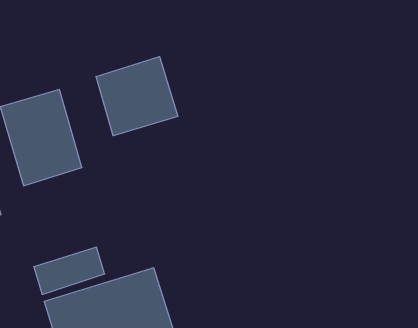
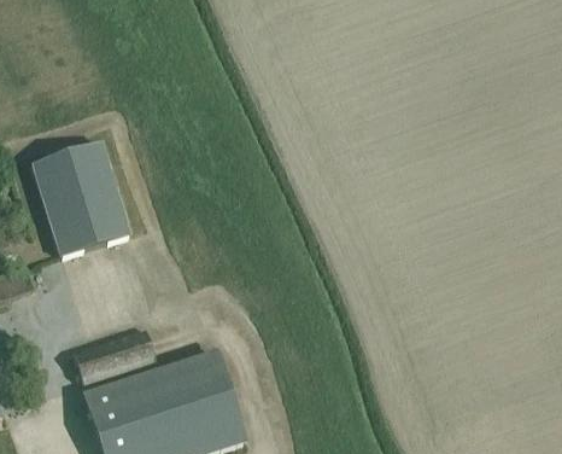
building: [96,57,178,136] -> none

